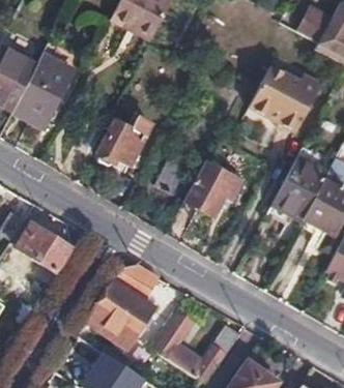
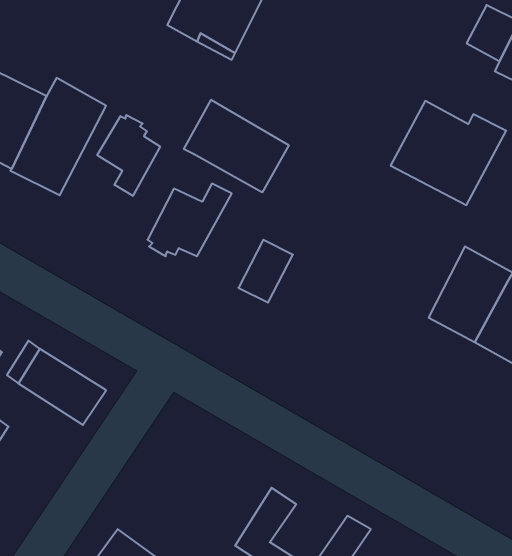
building: none -> [184,100,289,192]
building: none -> [97,115,160,196]
building: [185,162,242,216] -> none
building: [88,264,159,346] -> none

